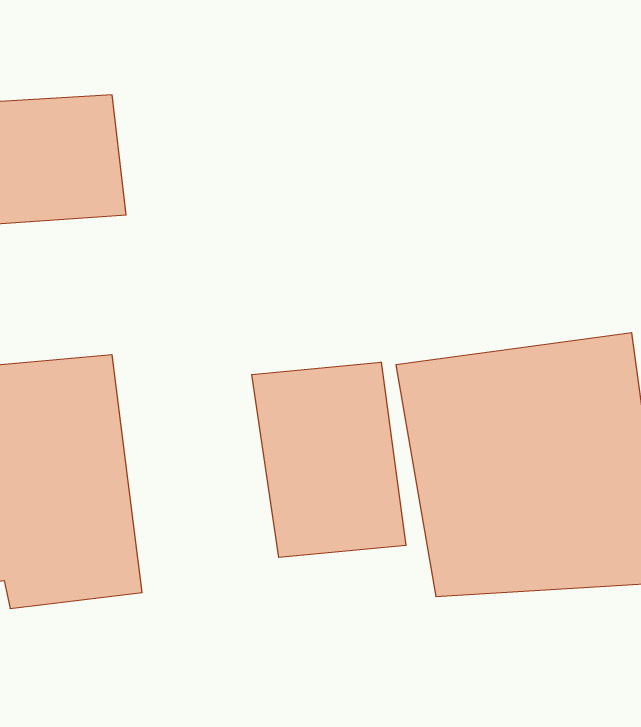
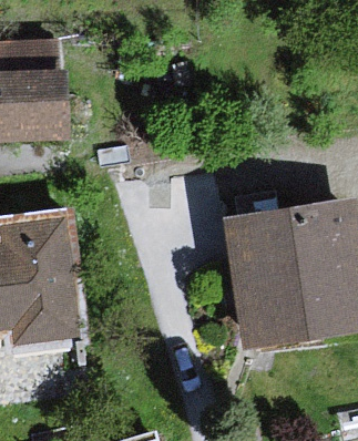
building: [252,362,406,557] -> none

